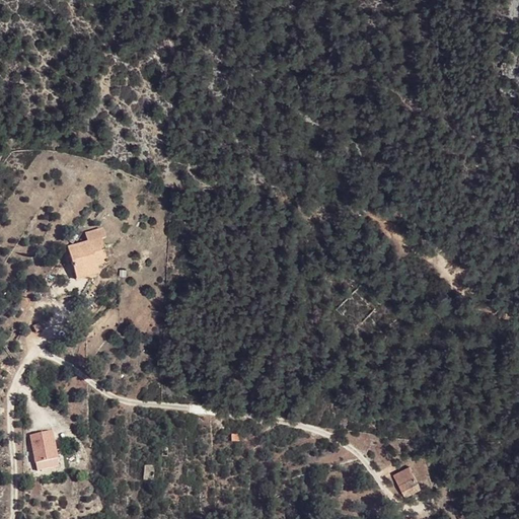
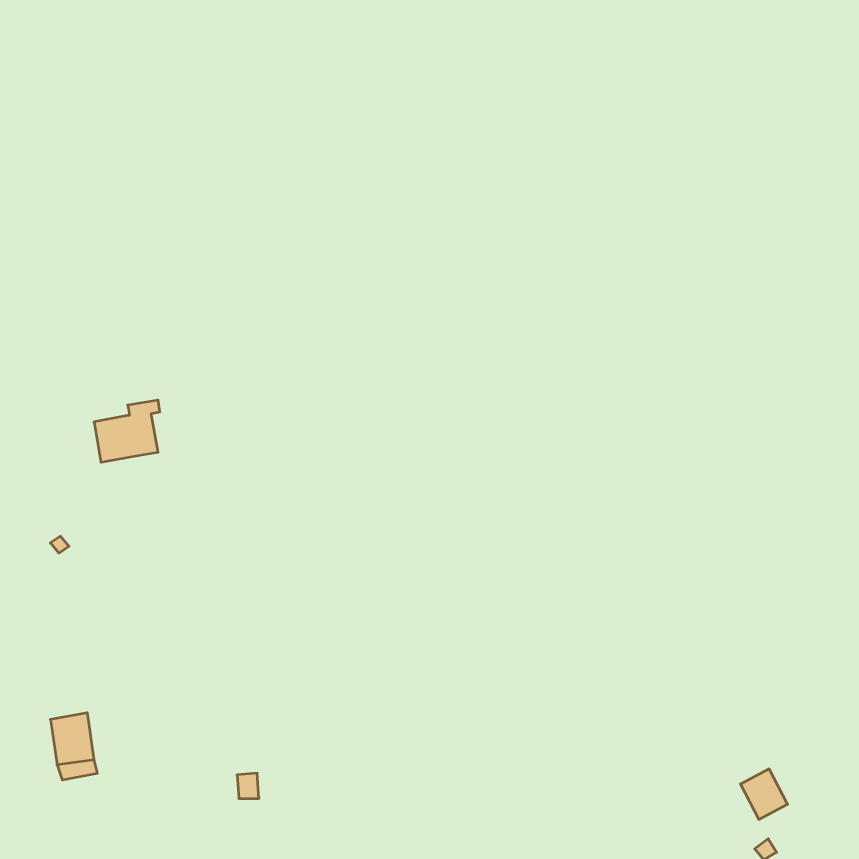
building: [393,464,422,495] -> [740,769,788,819]

